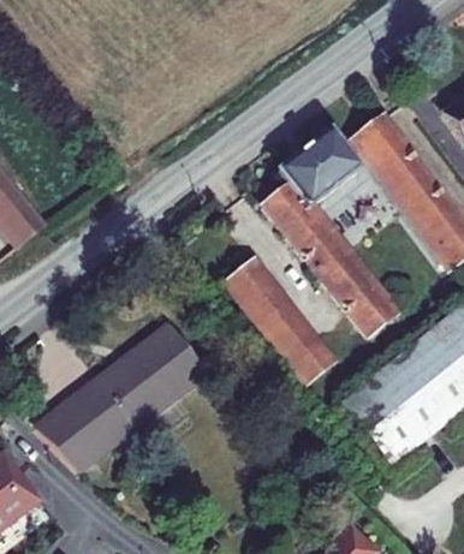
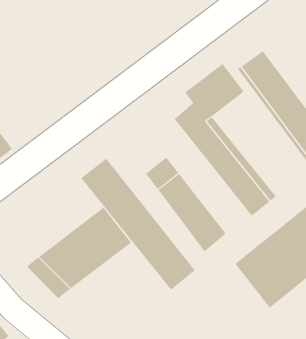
building: none -> [81,158,196,291]
building: [36,404,108,469] -> none

